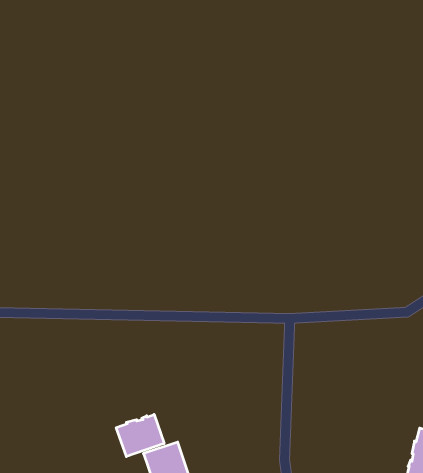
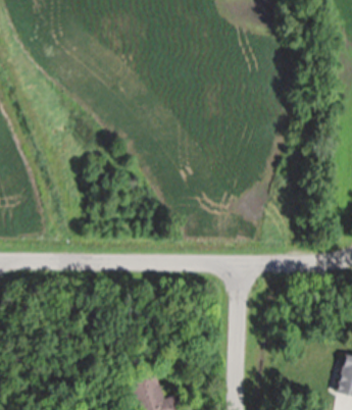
building: [116,414,164,457] -> none

